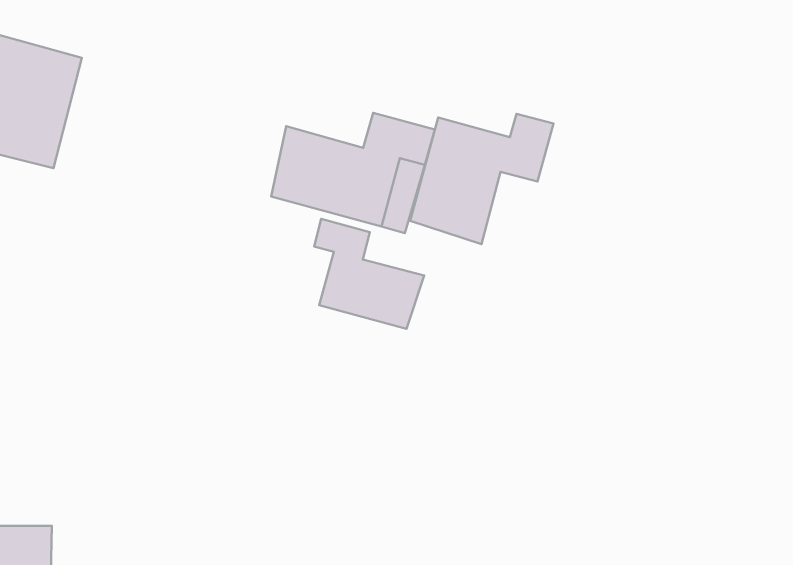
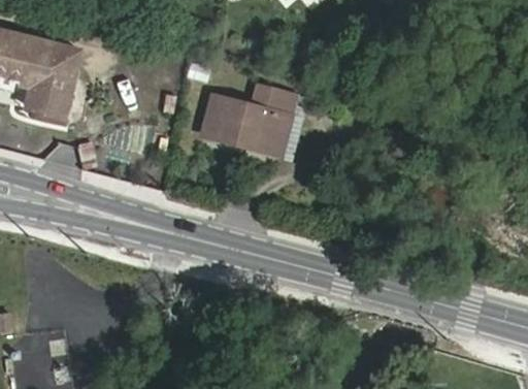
building: [410,114,553,244] -> none
building: [314,219,424,329] -> none

